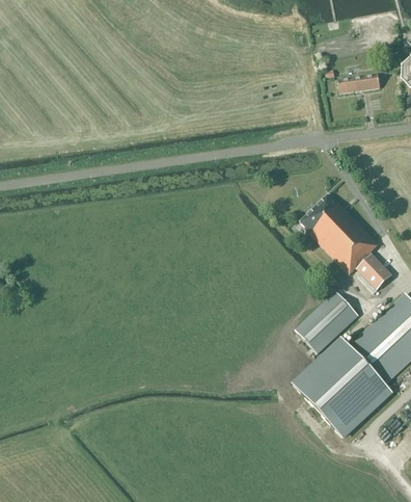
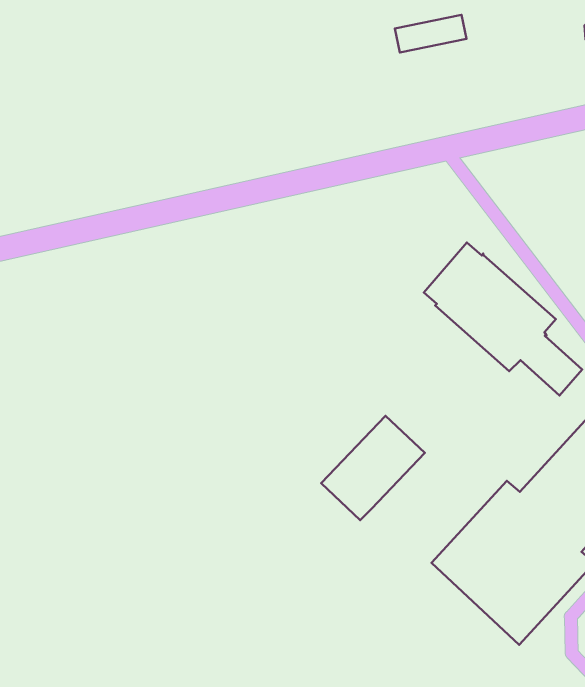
building: [338,74,381,94] -> [395,15,467,52]
building: [295,292,358,353] -> [321,416,425,520]

